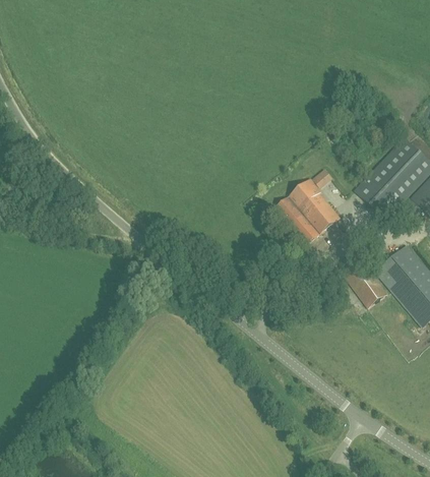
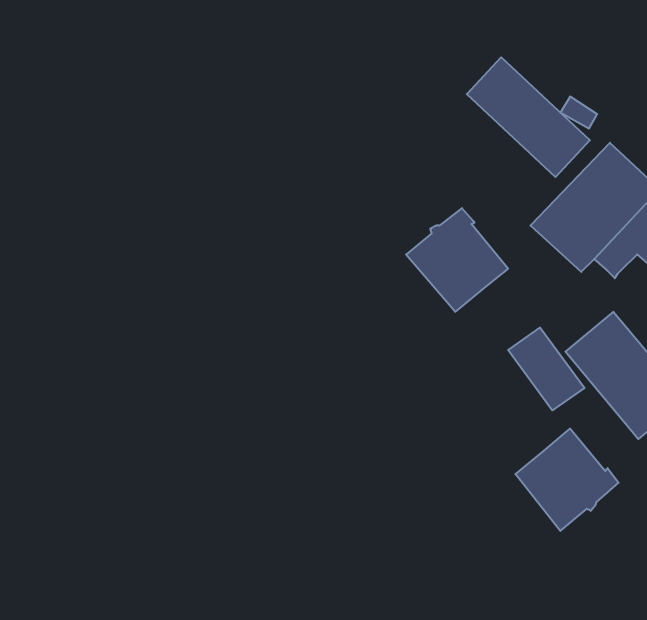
building: none -> [467,57,590,177]
building: none -> [515,429,619,531]

